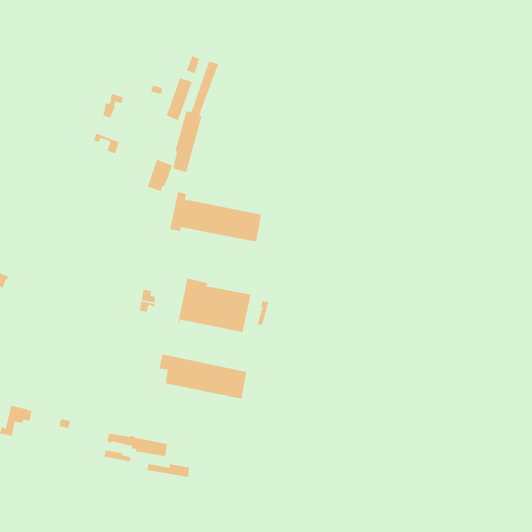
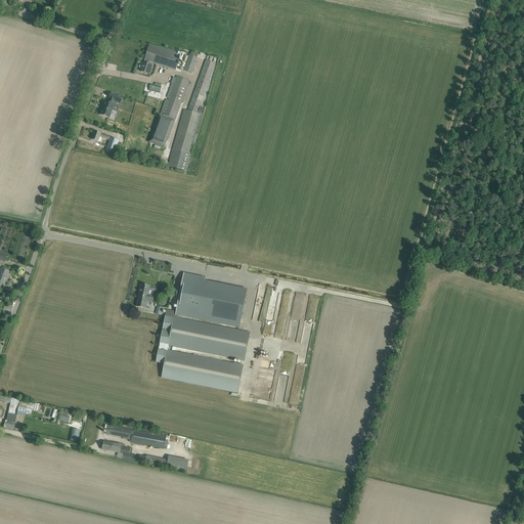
building: none -> [139,44,180,74]
building: [147,159,173,192] -> [148,114,174,146]
building: [169,191,262,242] -> [158,309,249,359]

